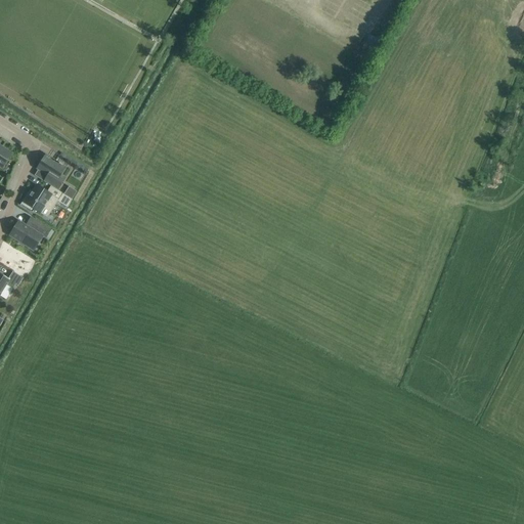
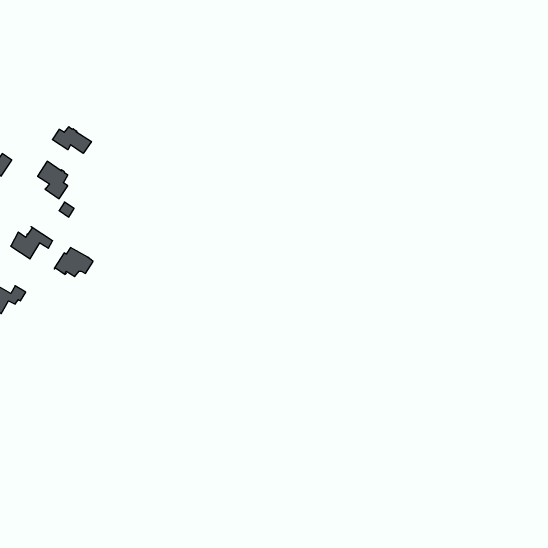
building: none -> [52,127,91,153]
building: [19,184,56,212] -> [54,248,93,277]

